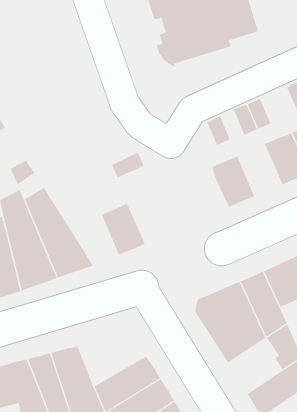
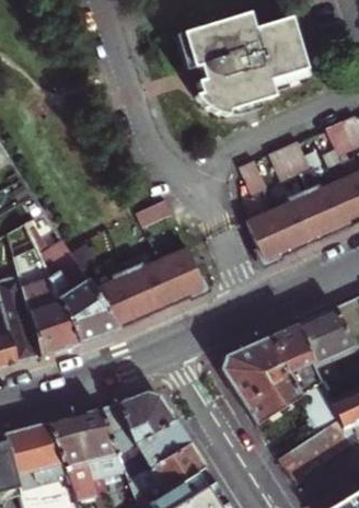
building: none -> [273,192,321,249]
building: none -> [153,243,202,300]
building: none -> [92,268,143,324]
building: none -> [100,393,174,454]

